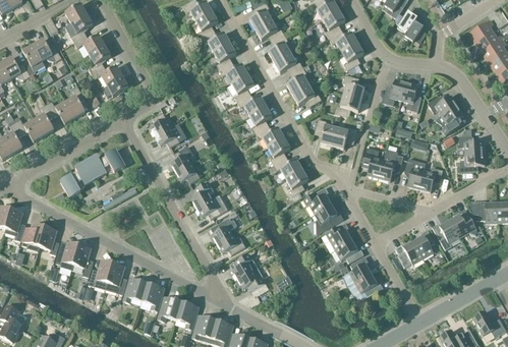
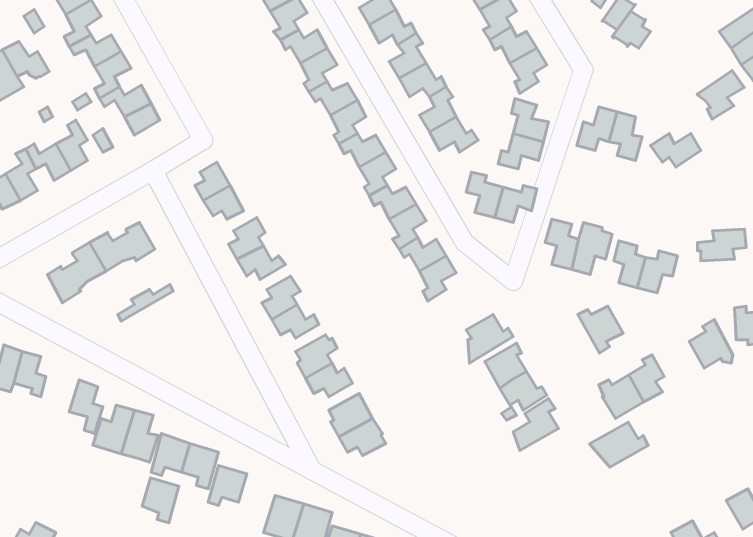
building: [436,105,464,134] -> [697,71,744,119]
building: [458,128,484,154] -> none
building: [303,186,331,214] -> none
building: [432,221,459,249] -> [578,306,623,353]
building: [55,241,79,269] -> none
building: [347,274,383,301] -> [590,422,648,467]
building: [176,301,199,329] -> [142,478,179,523]

